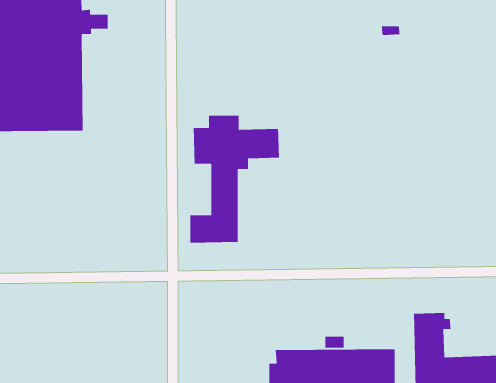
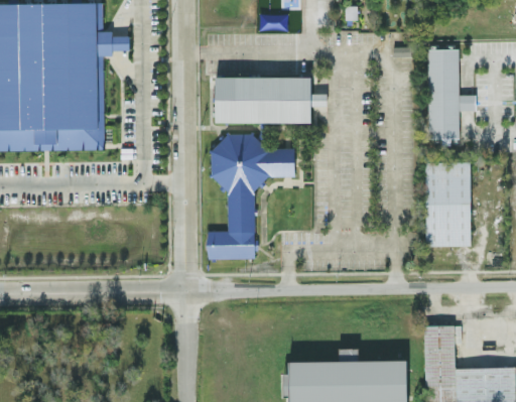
building: none -> [427,49,475,139]
building: none -> [215,78,327,123]
building: none -> [424,162,471,247]

